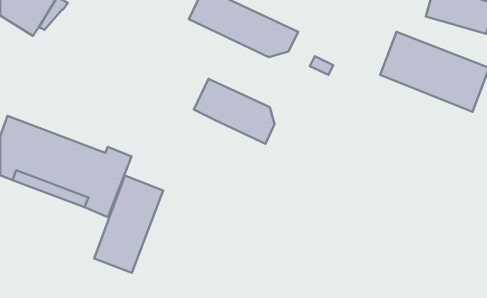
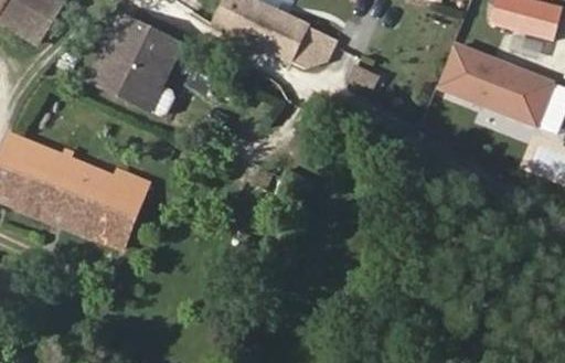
building: none -> [90,15,182,109]
building: [194,79,274,144] -> none
building: [94,176,163,273] -> none

